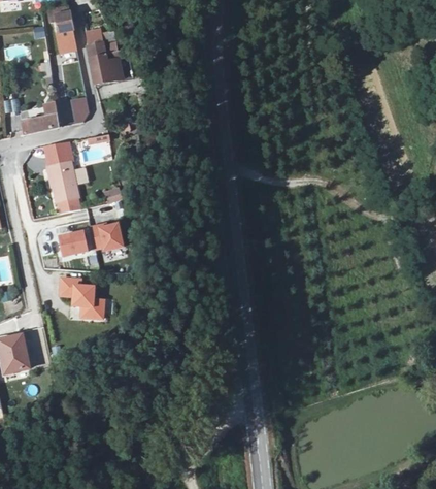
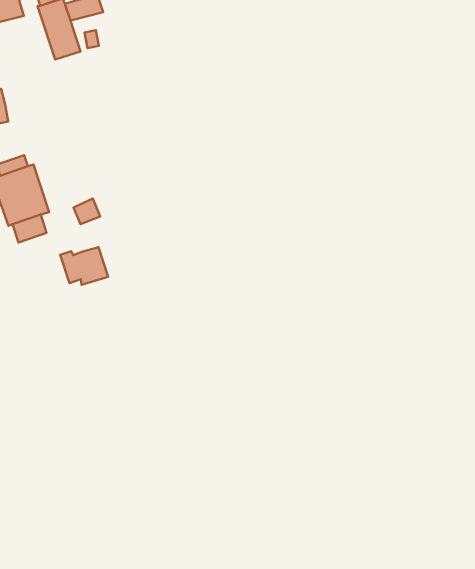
building: [66,97,86,124] -> none
building: [56,230,85,255] -> none
building: [61,276,104,317] -> none

